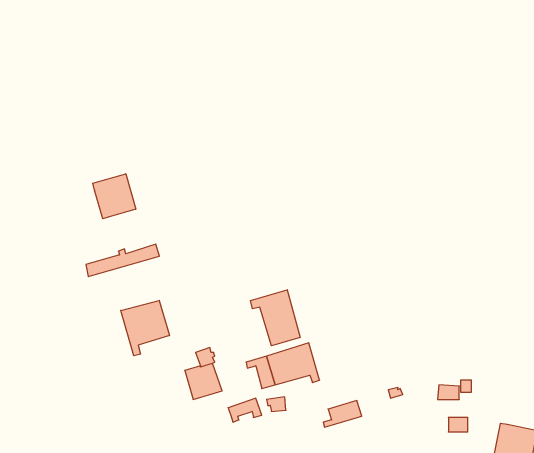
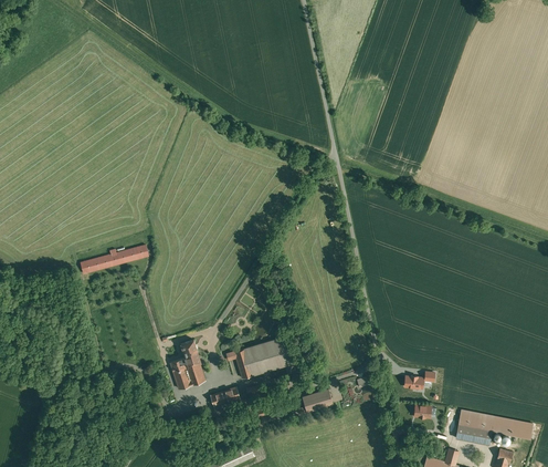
building: [93,174,136,219] -> none
building: [250,290,300,346] -> none
building: [121,300,169,356] -> none

